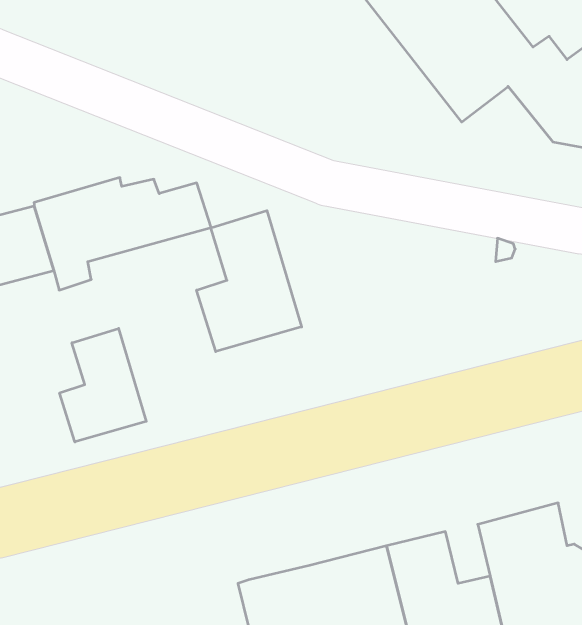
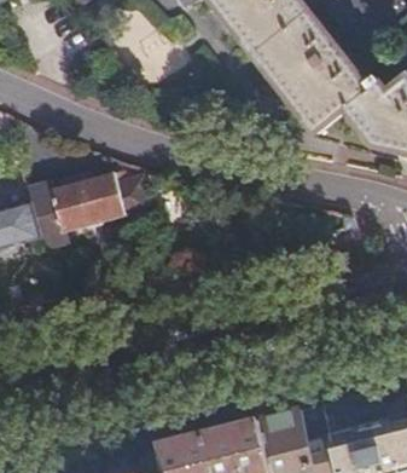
building: [197,211,302,352] -> none
building: [60,328,146,442] -> none

